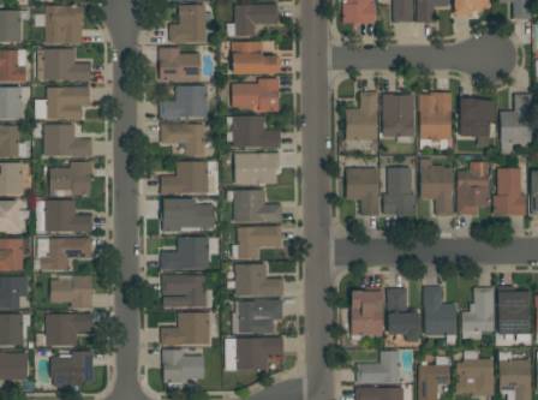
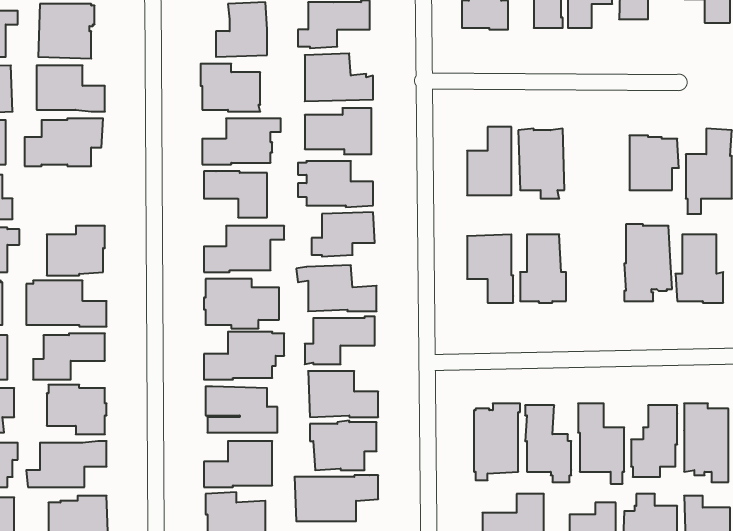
building: [419,92,452,142] -> none
building: [37,125,92,157] -> none
building: [420,160,453,216] -> none

